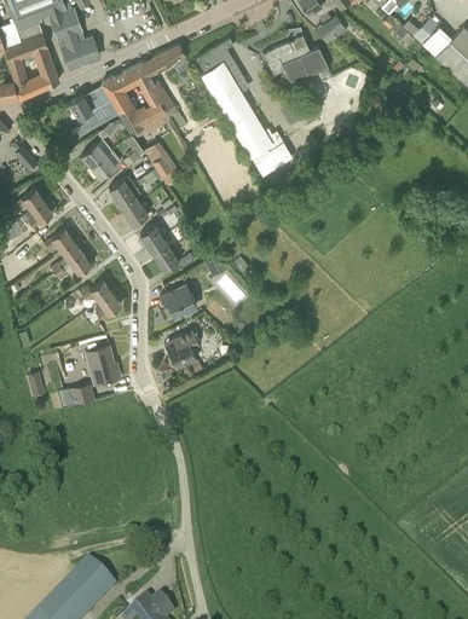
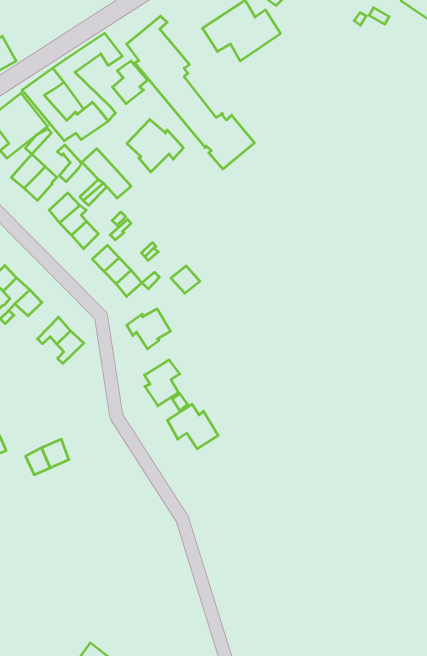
building: none -> [112,61,147,104]
building: none -> [127,119,183,172]
building: [86,345,117,384] -> none
building: none -> [167,404,218,449]

